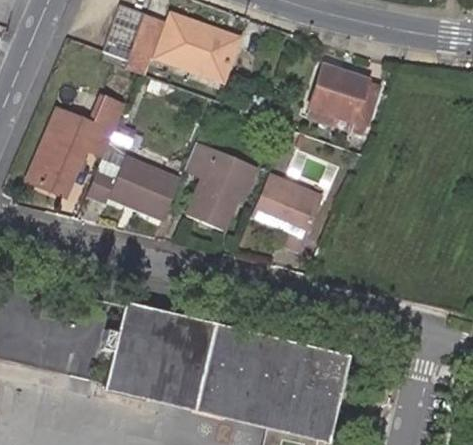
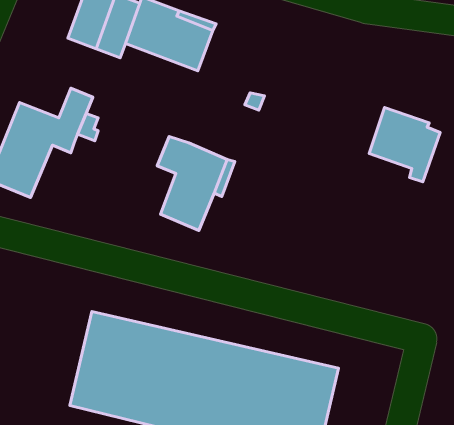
building: [312,66,377,134] -> [369,107,440,182]
building: [91,148,181,220] -> none
building: [250,172,318,246] -> none

